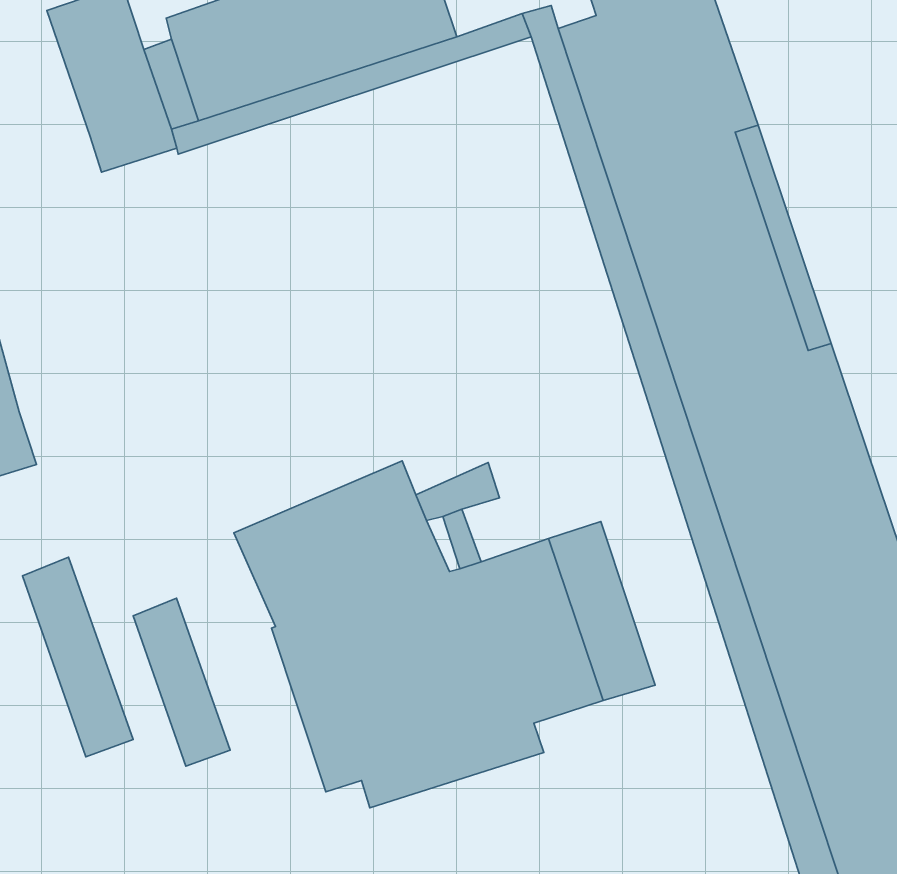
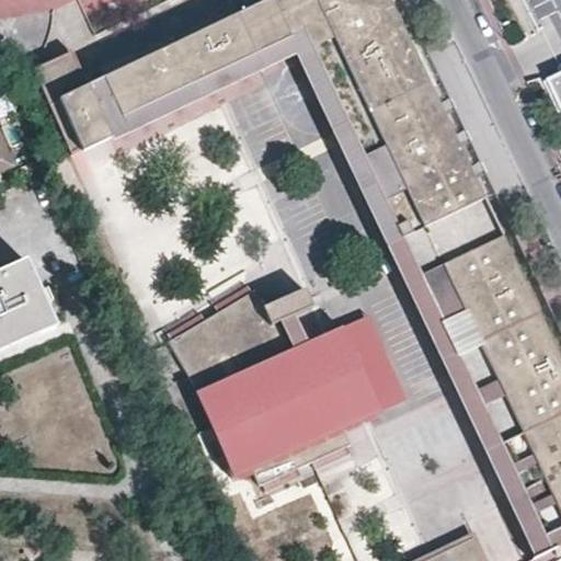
building: [22,557,133,757] -> none
building: [133,598,230,766] -> none

